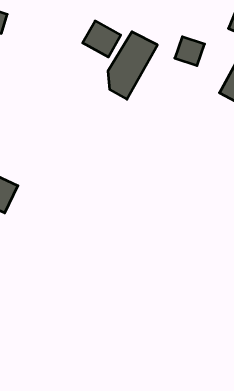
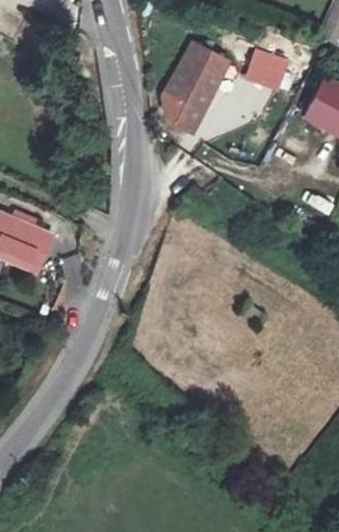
building: [83,21,121,57] -> none

